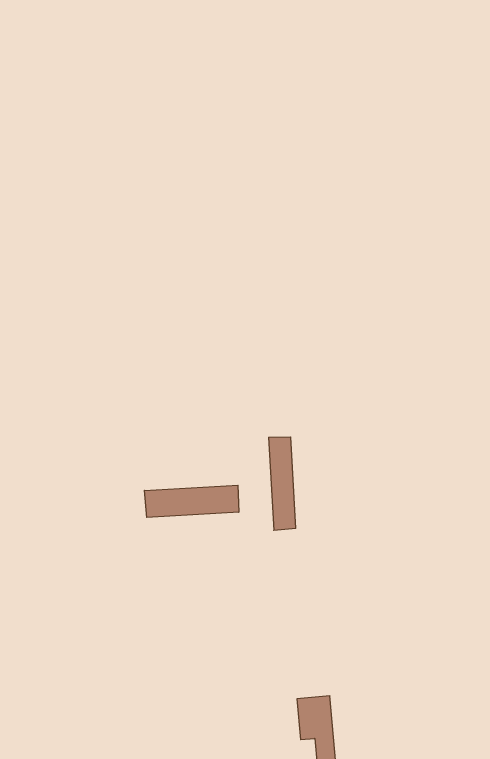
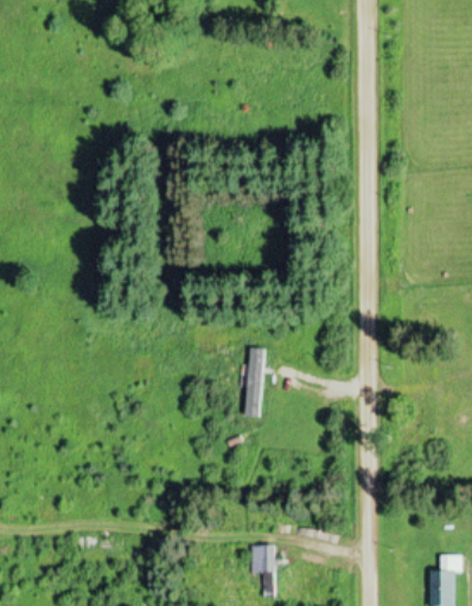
building: [144,485,239,517] -> none

